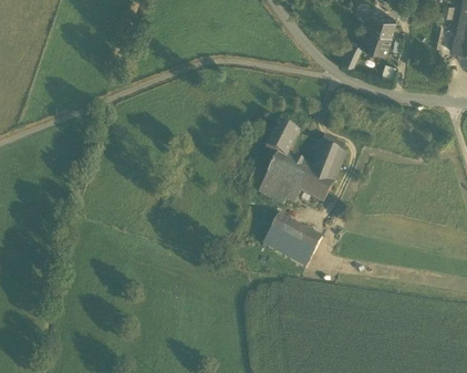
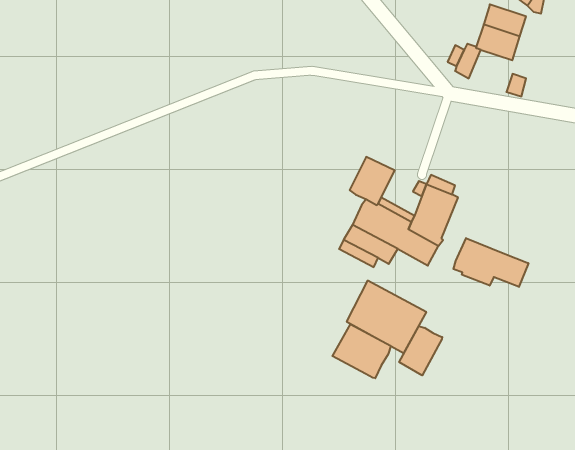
building: none -> [453,238,528,287]
building: none -> [332,324,391,378]
building: none -> [399,326,442,375]

